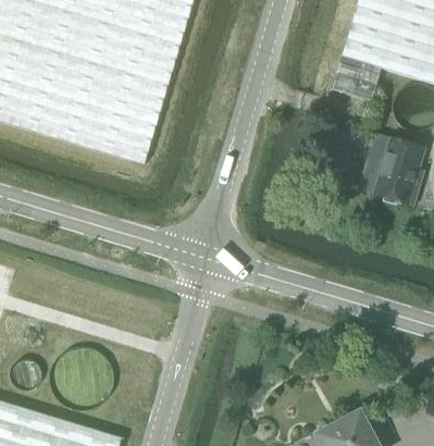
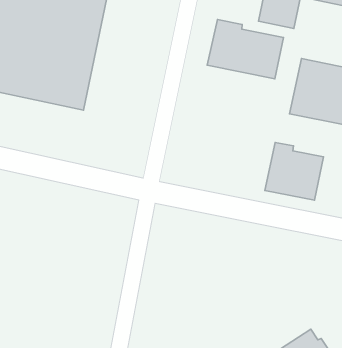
building: none -> [207,20,283,79]
building: none -> [265,142,324,200]

